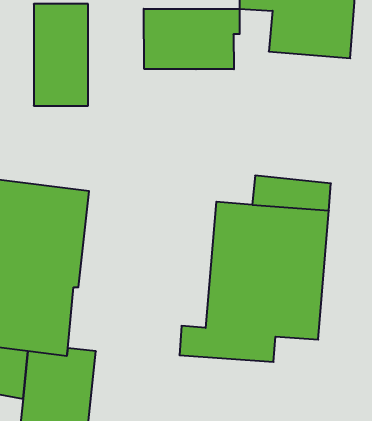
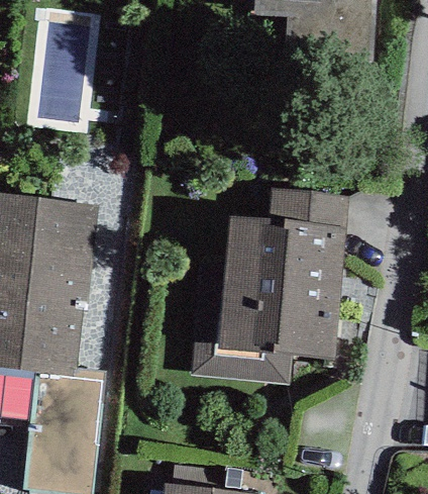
building: [144,9,240,69] -> none

